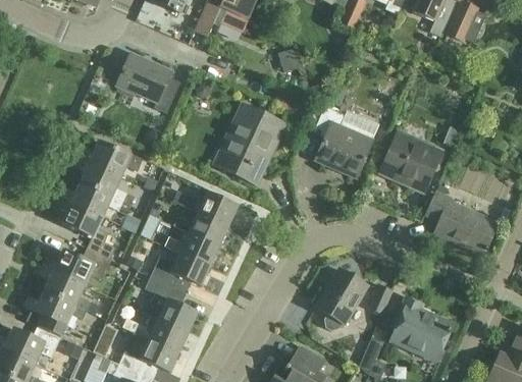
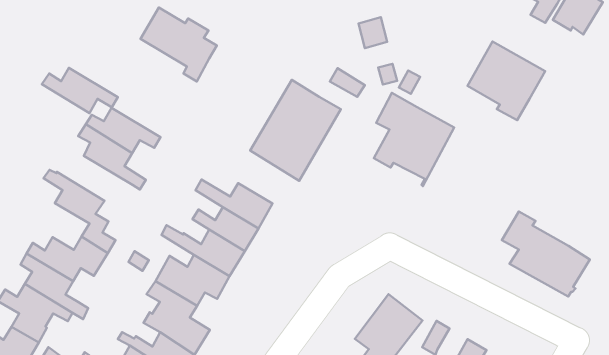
building: [381,131,442,193] -> [467,42,545,120]
building: [61,182,123,217] -> [42,68,118,113]

